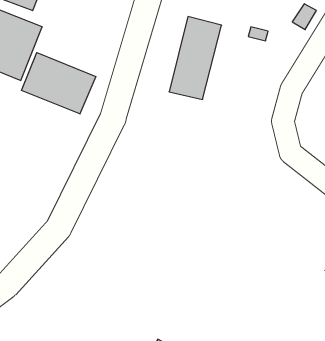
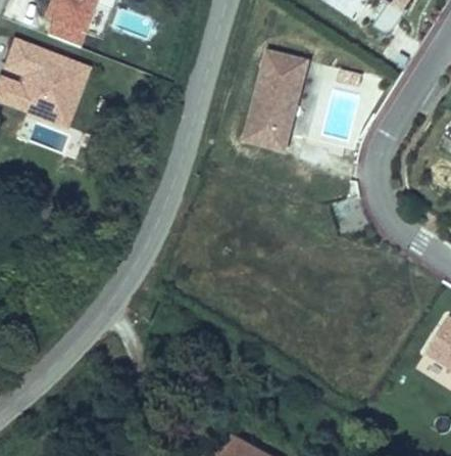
building: [21,53,96,114] -> none

